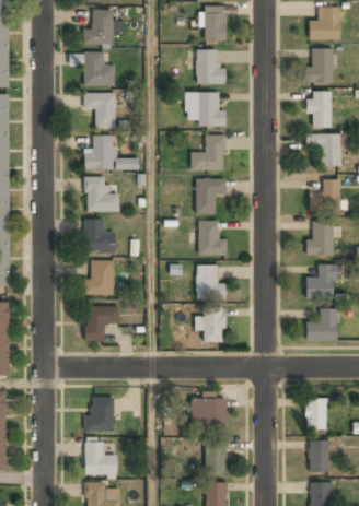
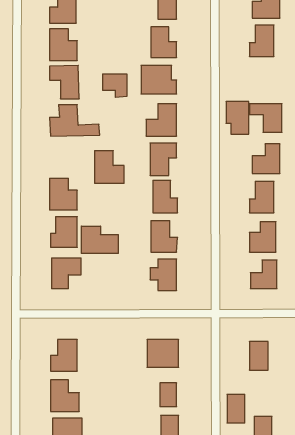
building: [308,91,333,127] -> [226,102,249,134]
building: none -> [103,74,127,97]
building: [86,176,119,212] -> [95,151,124,183]
building: none -> [81,226,118,253]
building: [310,440,329,472] -> [227,394,245,423]

